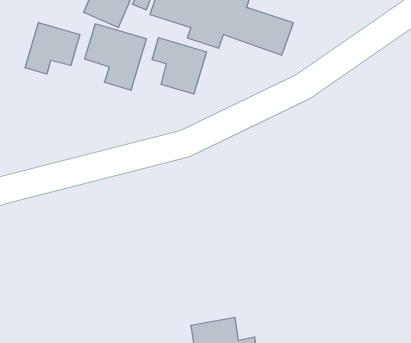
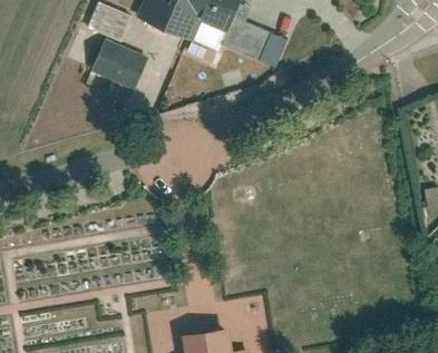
building: [25,22,80,74] -> none
building: [152,38,206,94] -> none

